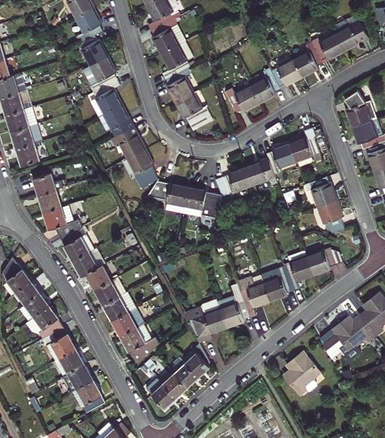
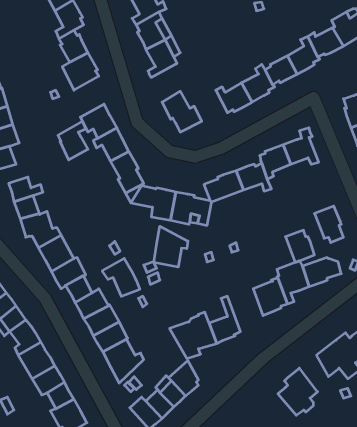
building: [165,68,192,103] -> none
building: [93,79,121,115] -> [58,121,88,160]
building: [308,177,335,207] -> [285,230,314,262]
building: none -> [154,226,188,267]
building: none -> [102,258,140,296]
building: [236,275,269,317] -> none

